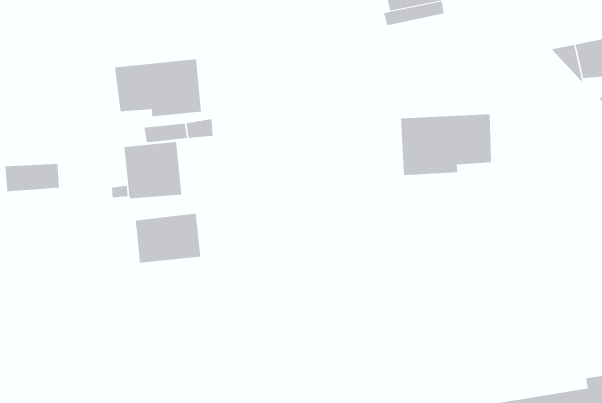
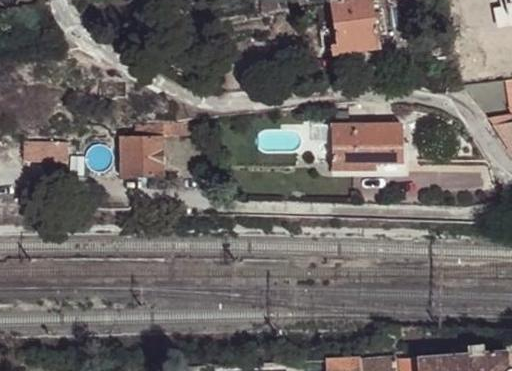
building: [115,58,202,117] -> none
building: [135,213,201,263] -> none

